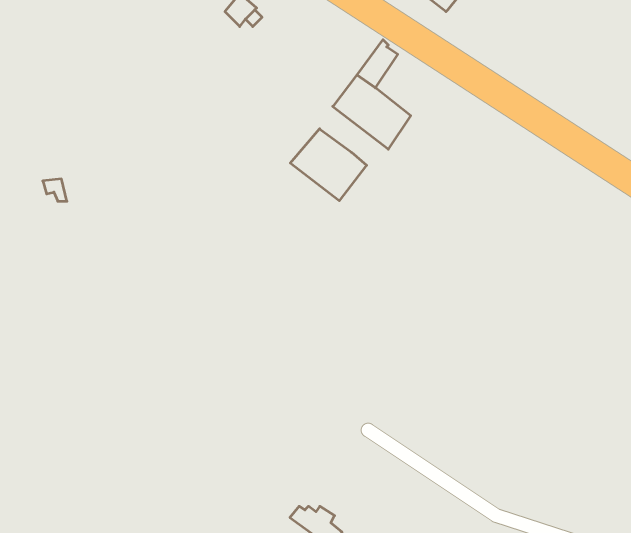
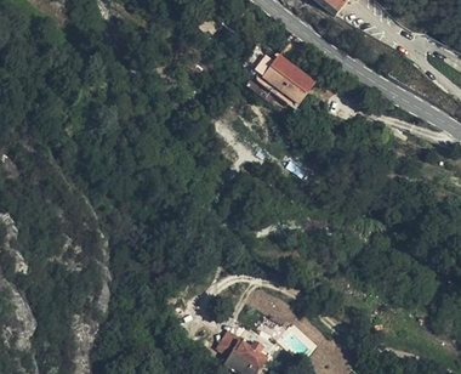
building: [290,129,367,201] -> none

